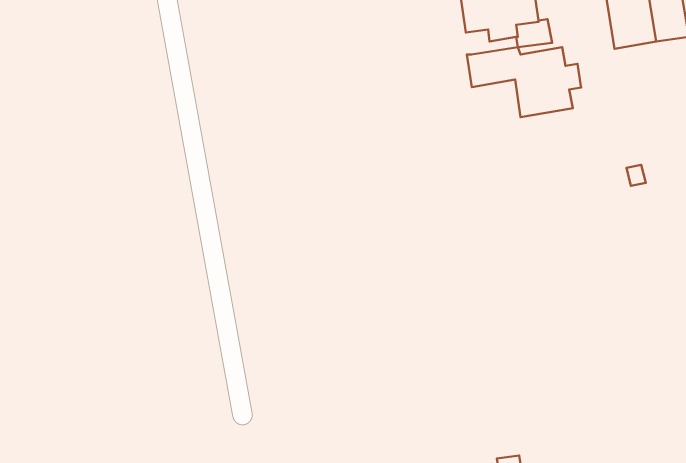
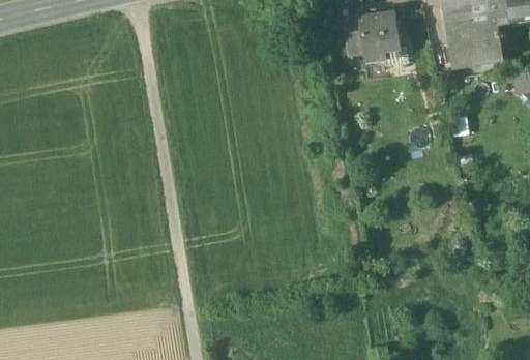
building: [467,47,581,117] -> none

